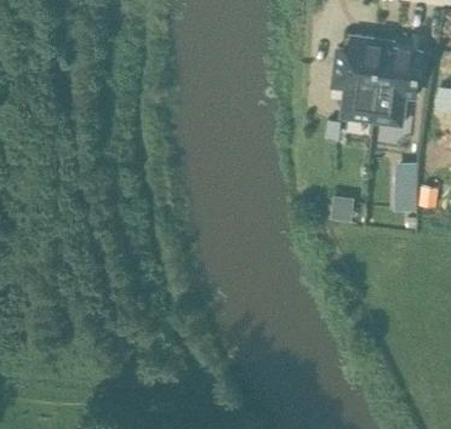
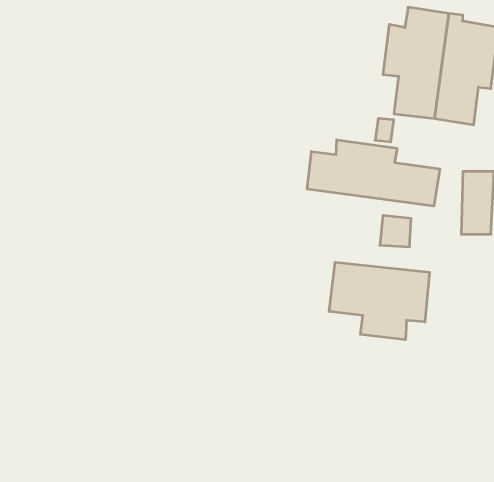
building: none -> [307,140,440,206]
building: none -> [329,262,429,340]

